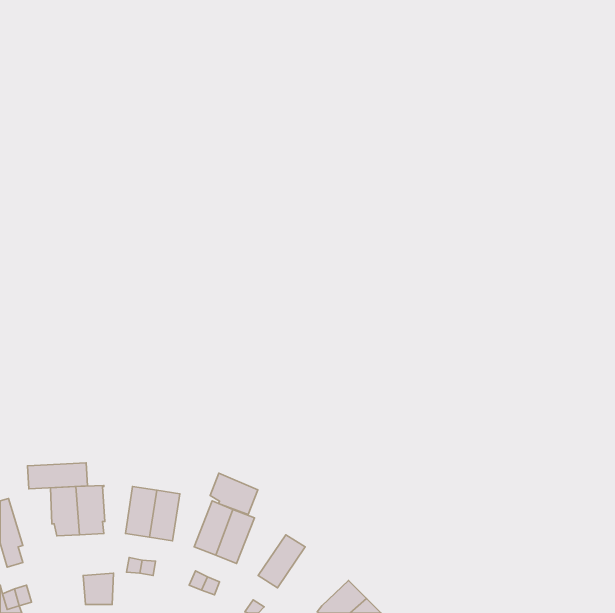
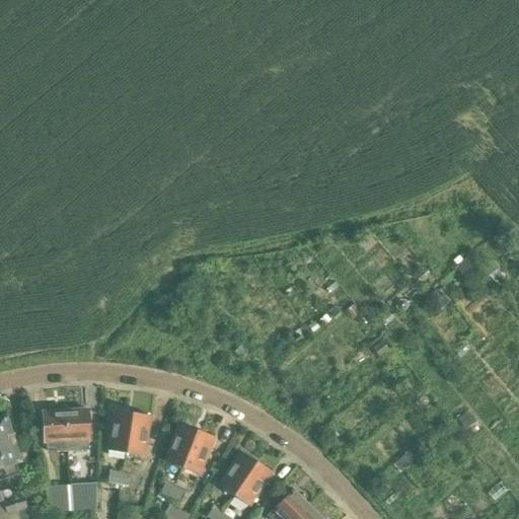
building: [28,463,87,489] -> none
building: [210,473,258,515] -> none
building: none -> [234,460,273,506]
building: none -> [46,484,69,510]

